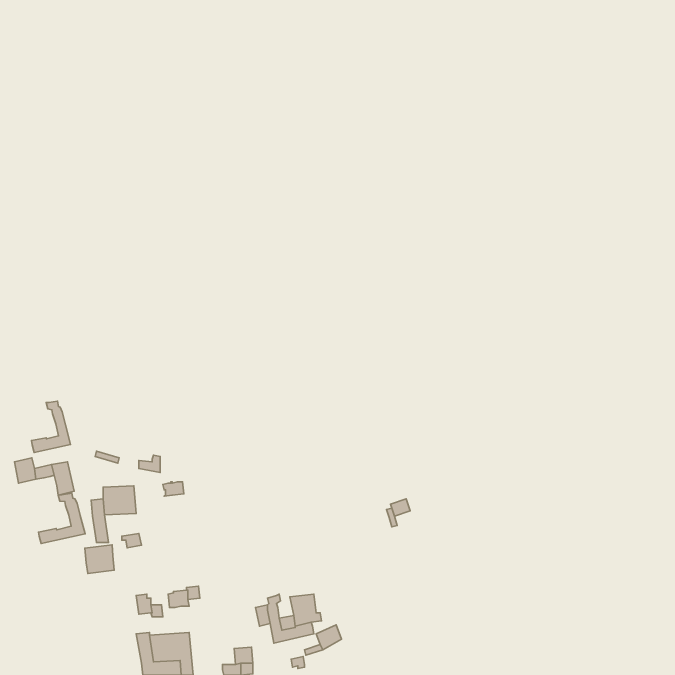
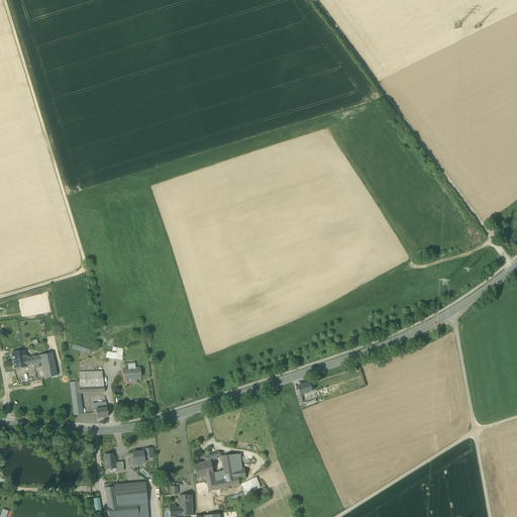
building: [32,401,70,452] -> none
building: [39,493,85,543] -> none
building: [85,545,114,573] -> none

